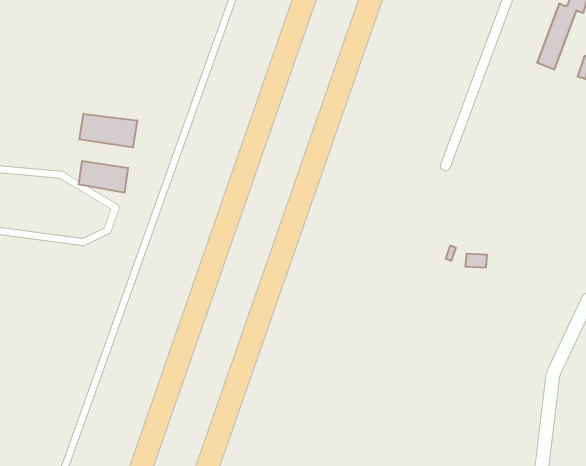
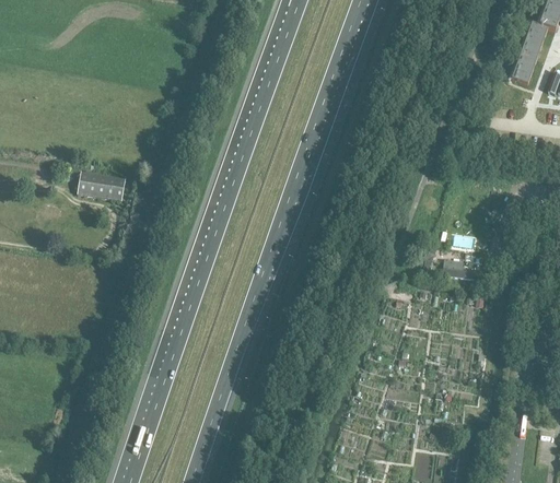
building: [80,114,137,148] -> none

